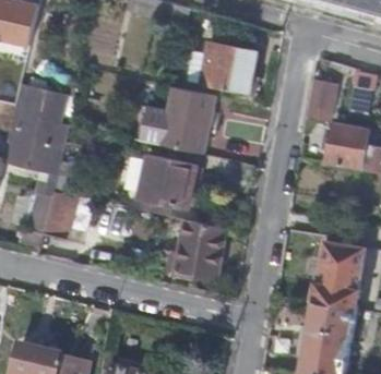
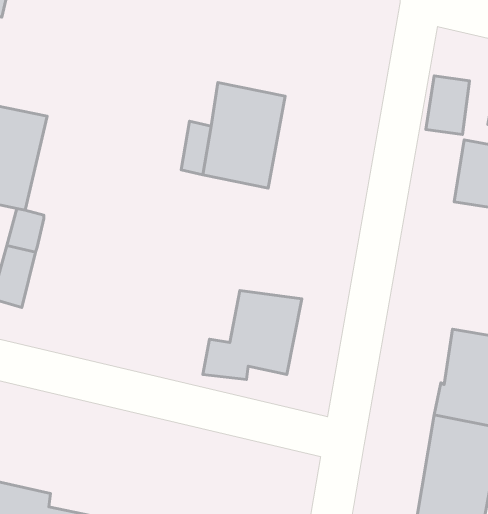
building: [190,40,258,93] -> none
building: [140,154,199,208] -> none
building: [44,192,78,238] -> none

